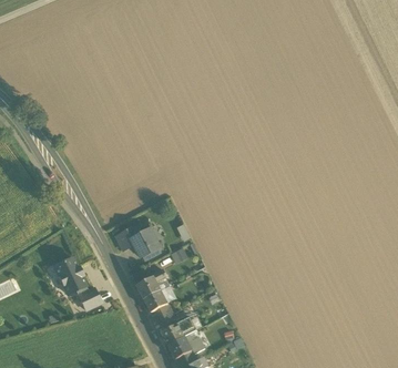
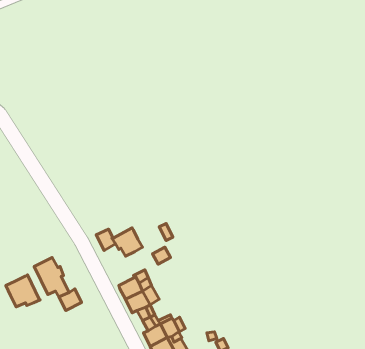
building: none -> [6,275,40,307]

